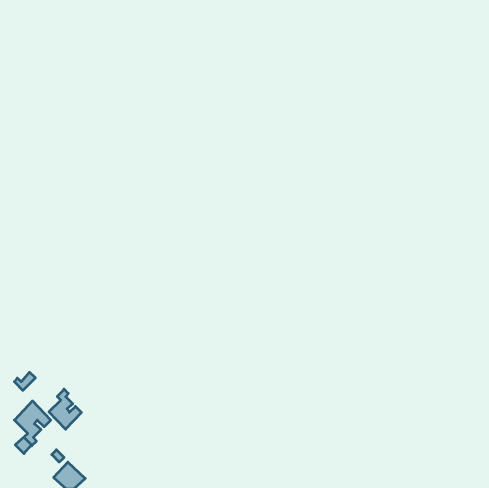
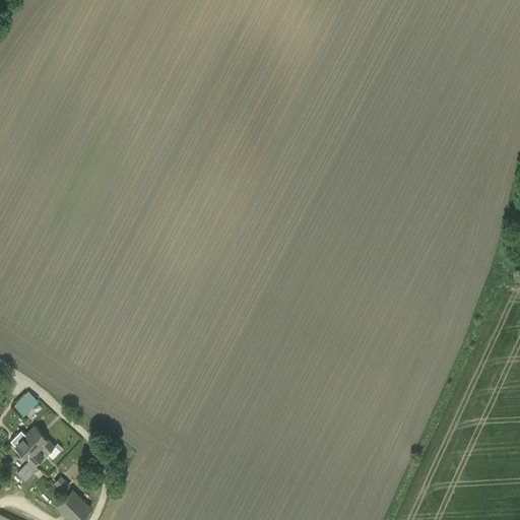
building: [49,389,81,429] -> none

